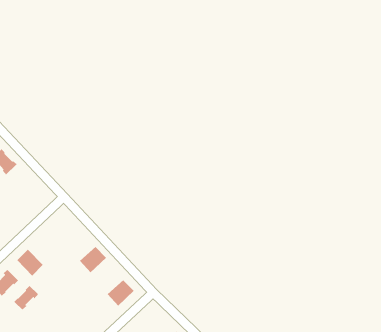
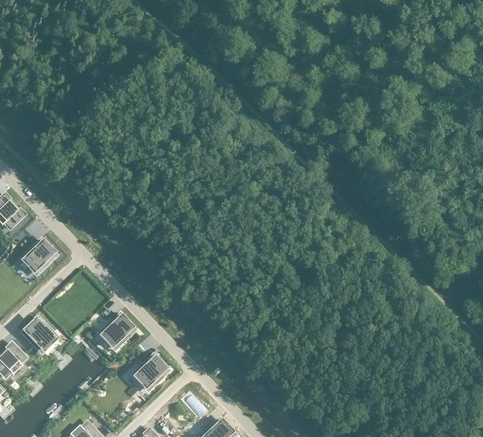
building: none -> [22,239,56,272]
building: [13,285,39,310] -> none

